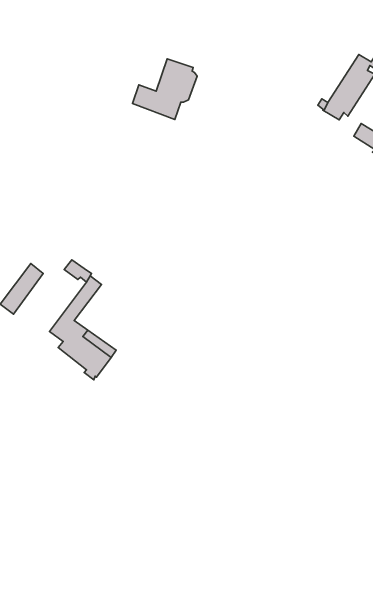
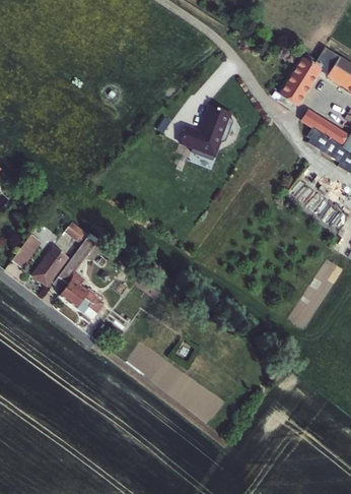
building: [133,59,197,120] -> [181,106,233,156]
building: none -> [32,244,63,284]

